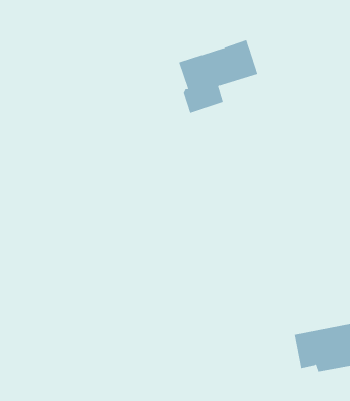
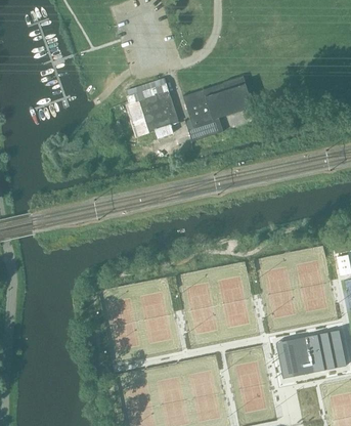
building: none -> [125,77,177,136]

